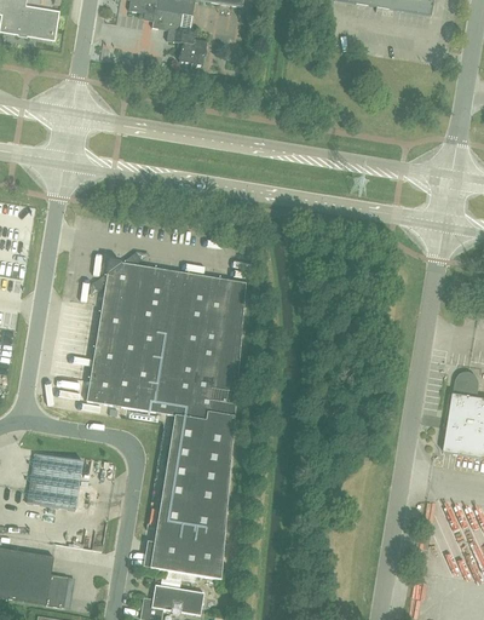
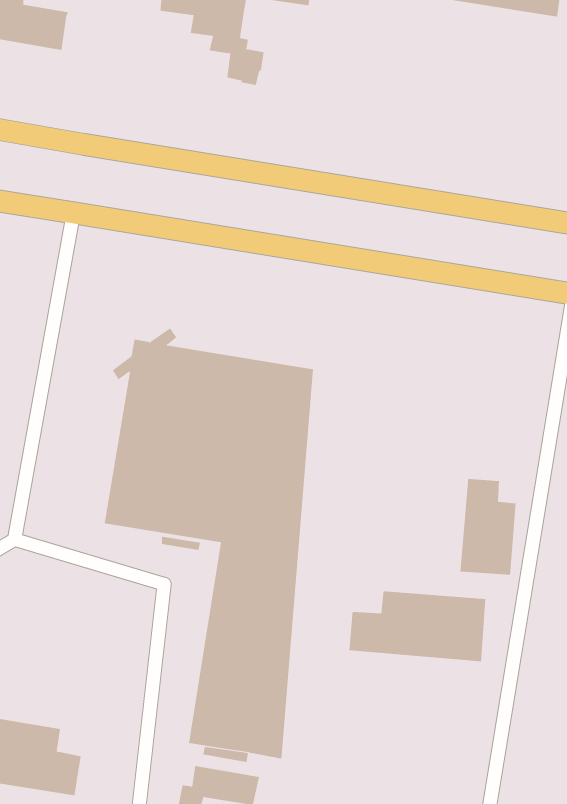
building: none -> [460,478,516,576]
building: none -> [349,591,486,662]
building: [27,453,83,510] -> none

